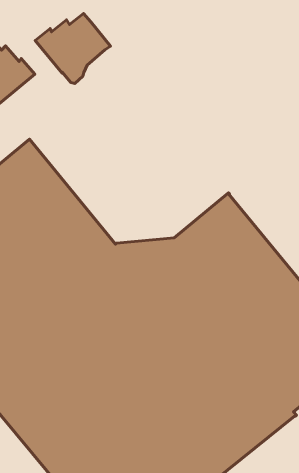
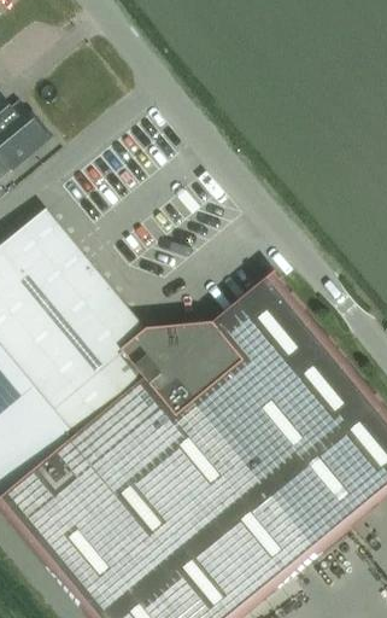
building: [35,13,110,83] -> none

